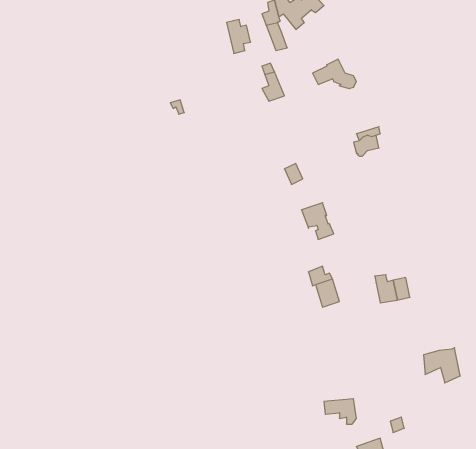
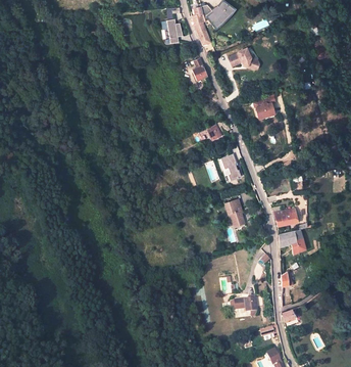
building: [424,348,460,383] -> [279,228,305,254]

